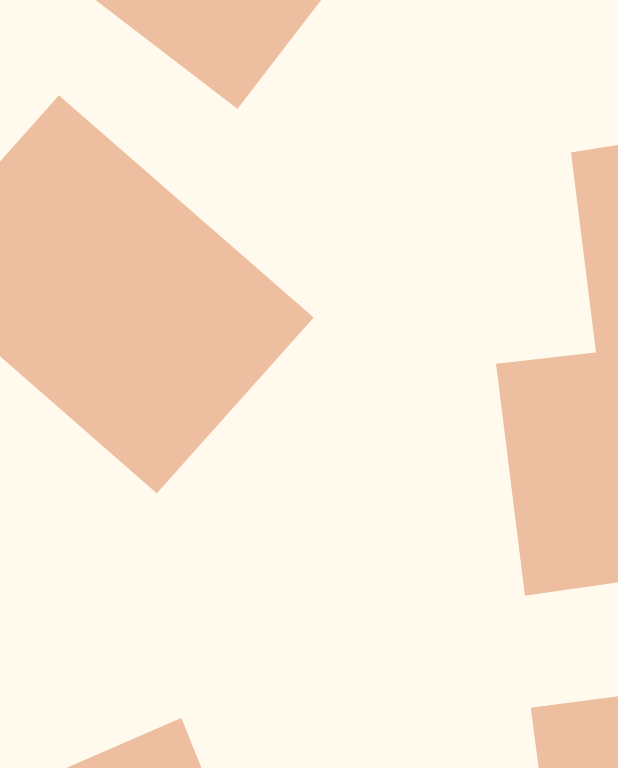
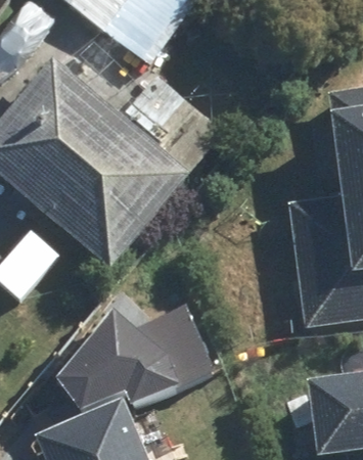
building: none -> [56,297,212,401]

